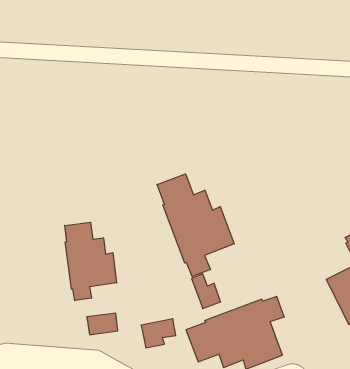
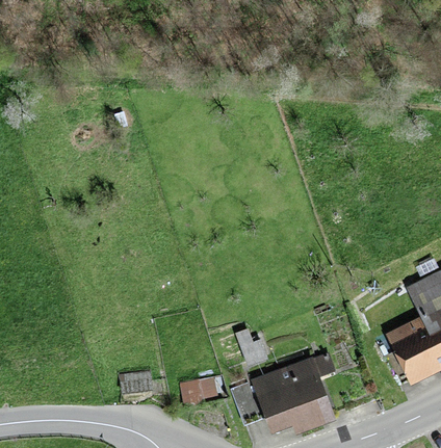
building: [157,174,234,277] -> none
building: [65,222,117,301] -> none

